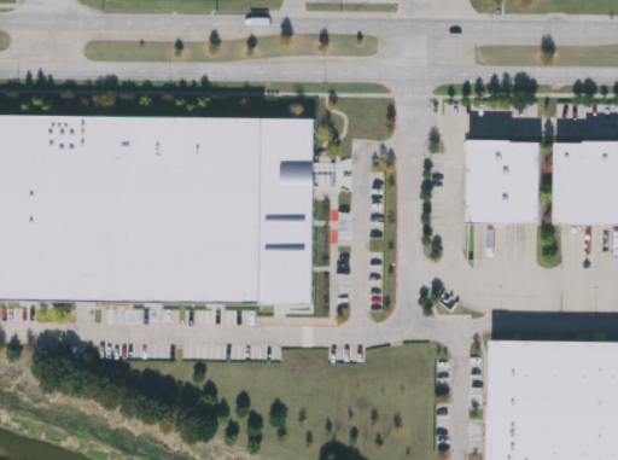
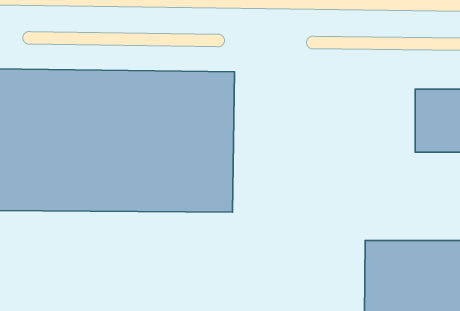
building: [465,140,542,225] -> none

